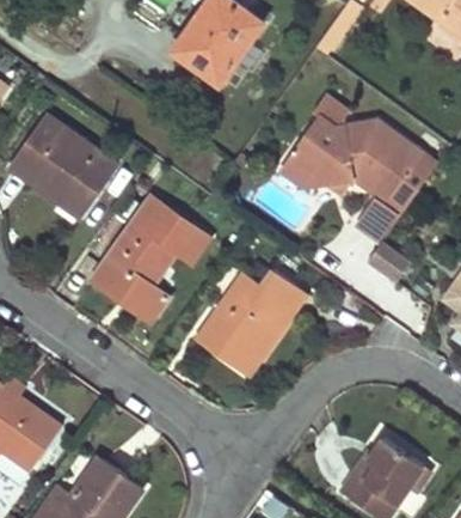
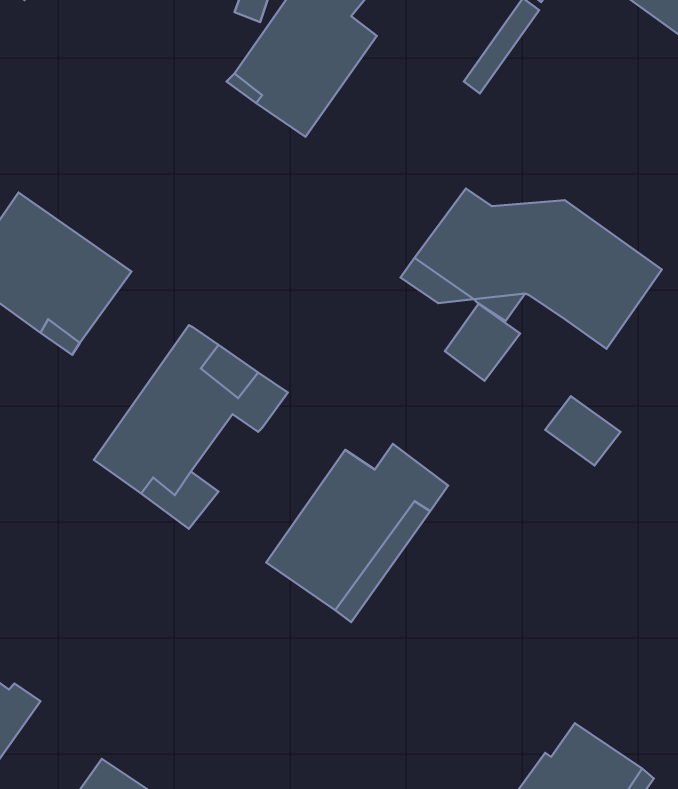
building: [357,194,402,240] -> [445,304,520,381]

